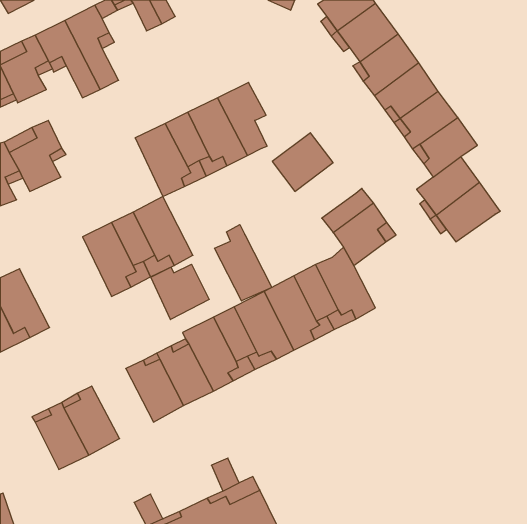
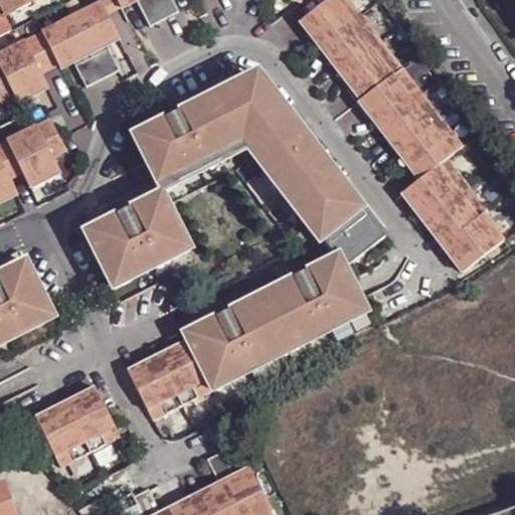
building: none -> [242,74,303,160]
building: none -> [288,161,347,219]
building: none -> [440,211,503,272]
building: [215,225,272,301] -> none
building: [151,264,209,320] -> none

